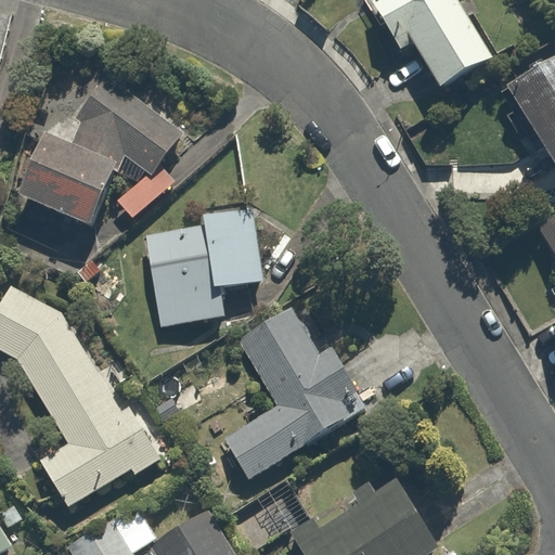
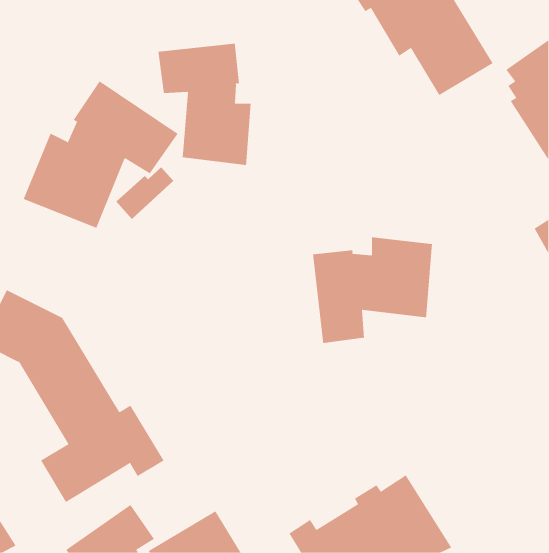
building: none -> [158,43,251,166]
building: [145,207,263,325] -> none
building: none -> [313,236,433,344]
building: [223,306,362,478] -> none

